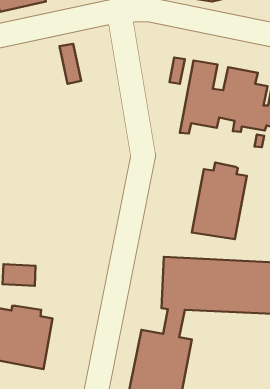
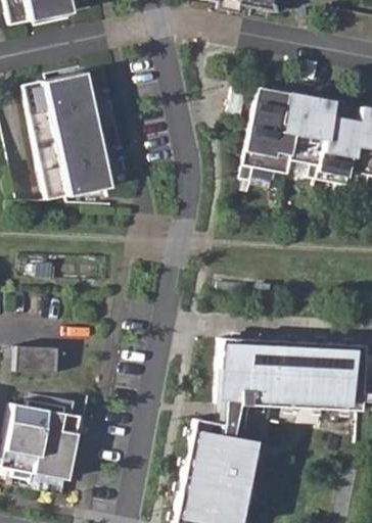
building: none -> [26,73,110,200]
building: [192,162,247,239] -> none

